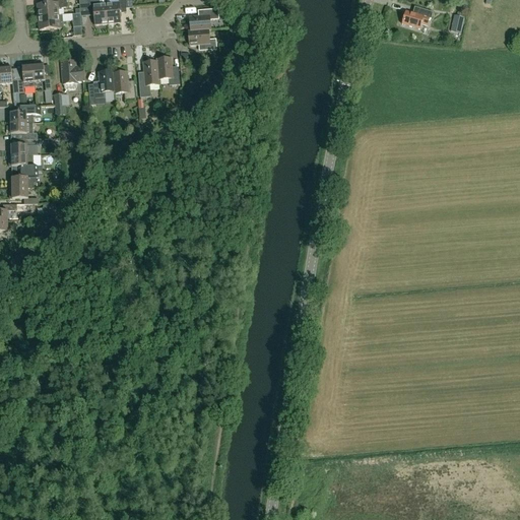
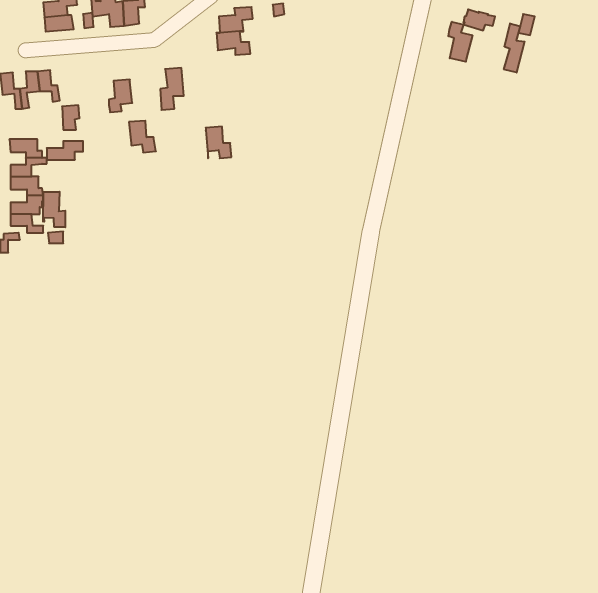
building: none -> [448,22,472,62]
building: none -> [504,23,525,73]
building: [157,56,180,83] -> [206,127,231,158]
building: [61,58,85,82] -> none
building: [113,70,136,98] -> [129,121,156,152]
building: [8,105,40,121] -> [47,141,83,160]
building: none -> [43,192,65,227]

